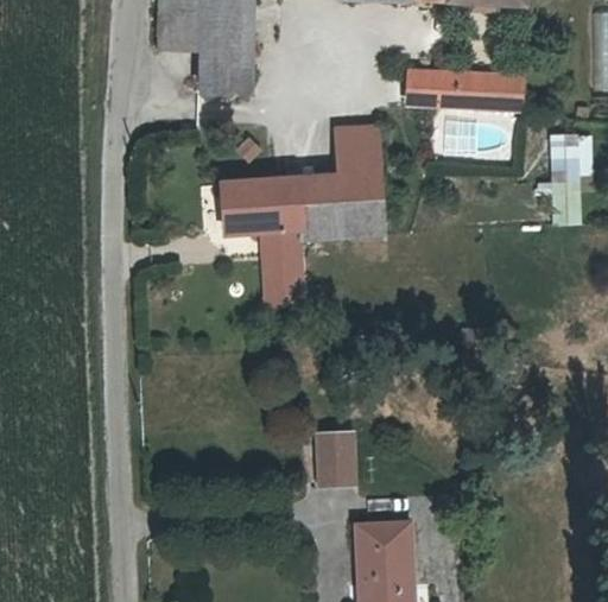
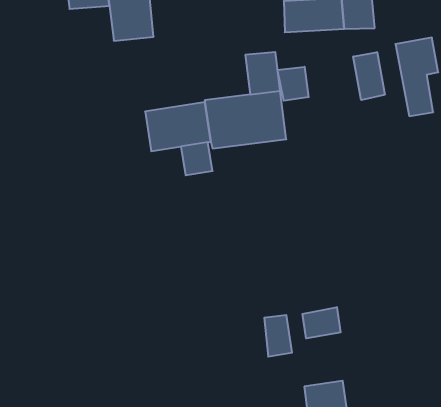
building: none -> [353,52,385,100]
building: none -> [278,67,308,101]
building: [259,260,293,297] -> none
building: none -> [302,307,341,338]

